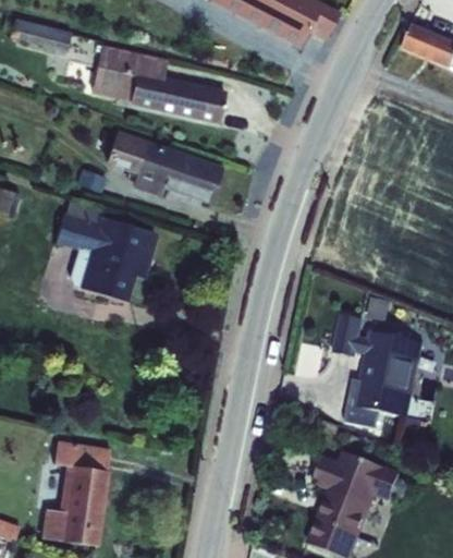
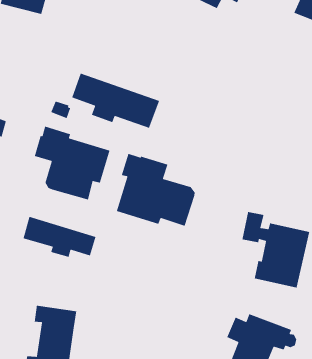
building: [91,44,225,123] -> none
building: none -> [116,153,196,227]
building: none -> [23,216,96,258]

